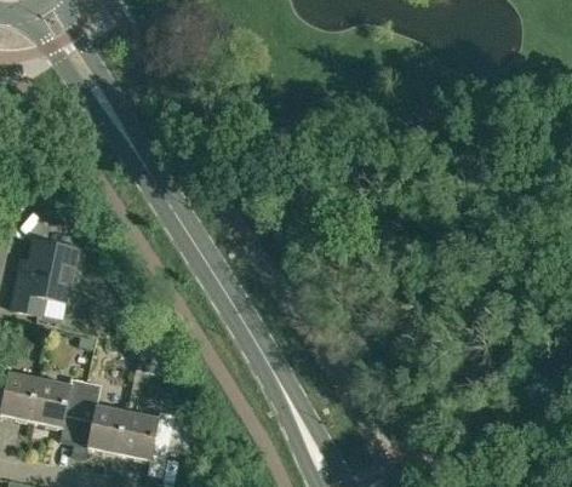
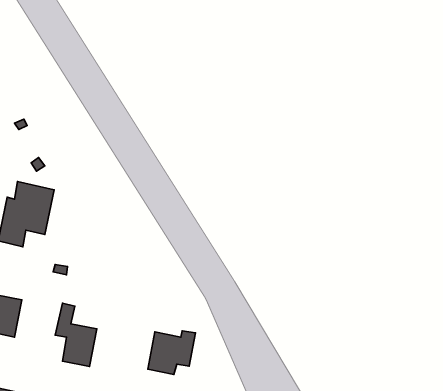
building: [32,378,87,428] -> none
building: [119,411,175,462] -> [148,331,196,374]

